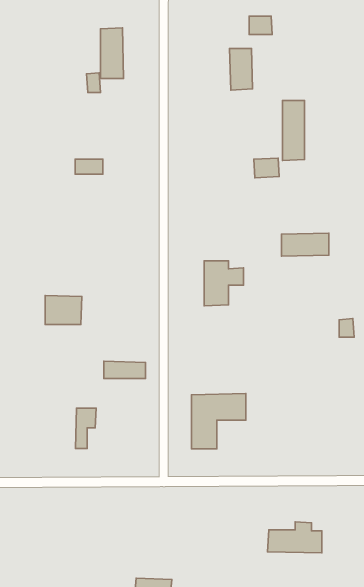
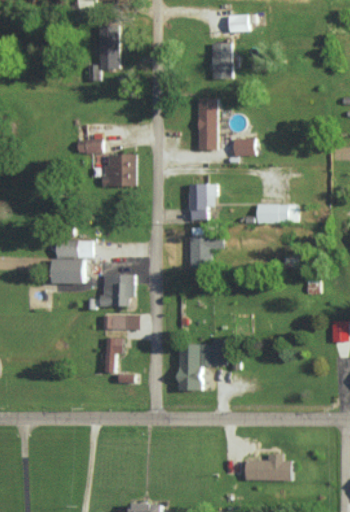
building: [283,101,304,161] -> [197,100,216,152]
building: none -> [102,154,135,186]
building: none -> [188,184,216,220]
building: none -> [55,241,92,258]
building: none -> [101,274,133,306]
building: [76,408,96,449] -> [104,337,122,372]

